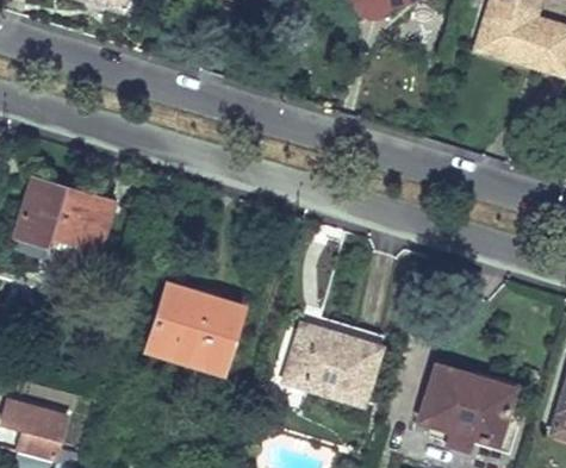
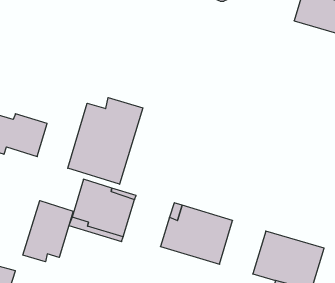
building: none -> [68,98,143,184]
building: none -> [23,201,73,262]

